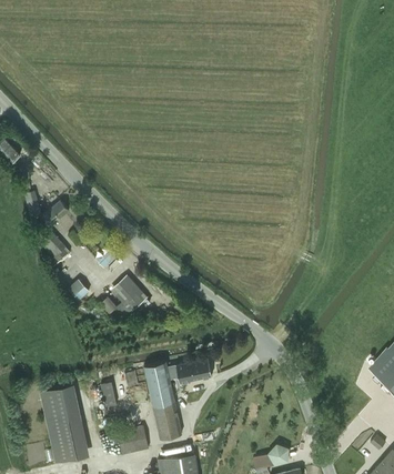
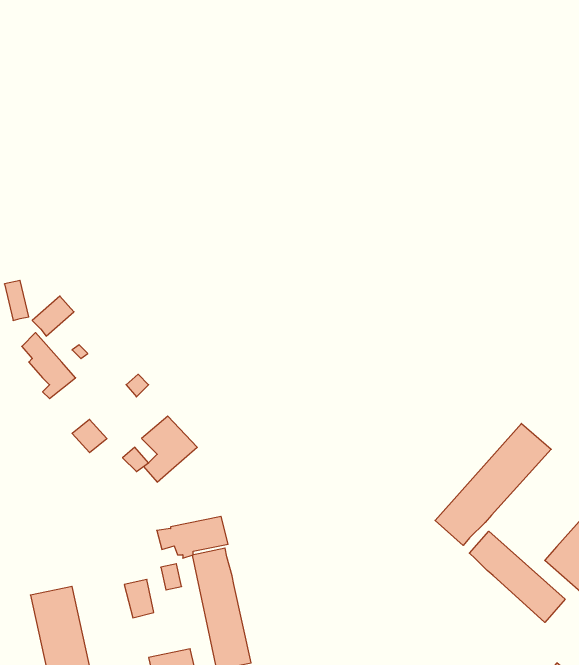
building: none -> [435,423,551,545]
building: none -> [469,531,565,622]
building: [166,359,212,385] -> [157,516,228,558]

